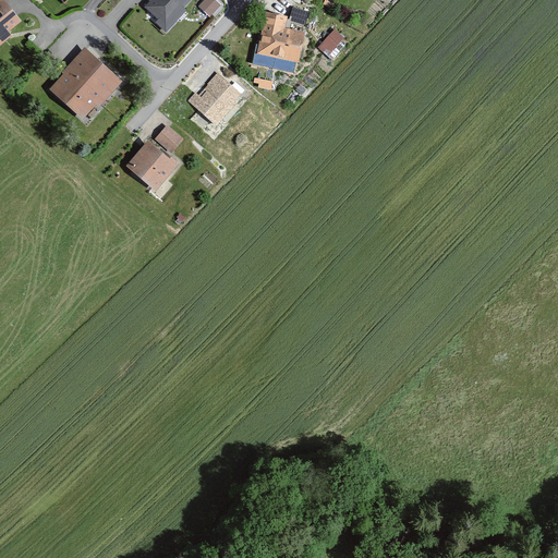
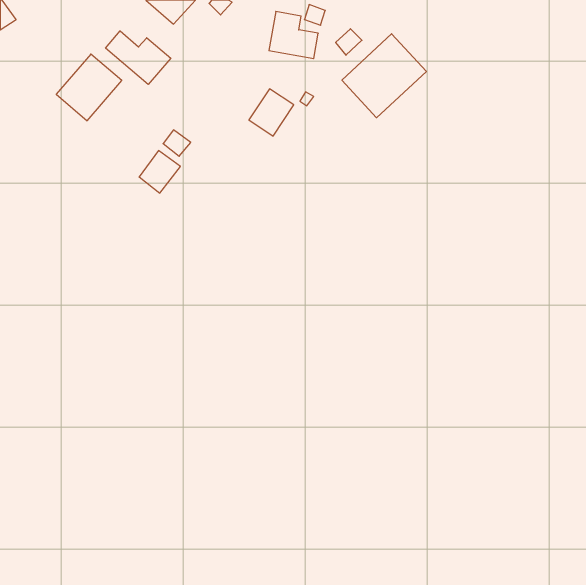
building: none -> [106,31,171,84]
building: none -> [342,34,426,118]
building: [192,75,234,120] -> [249,89,294,136]

